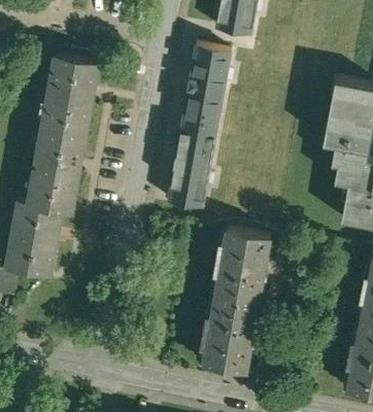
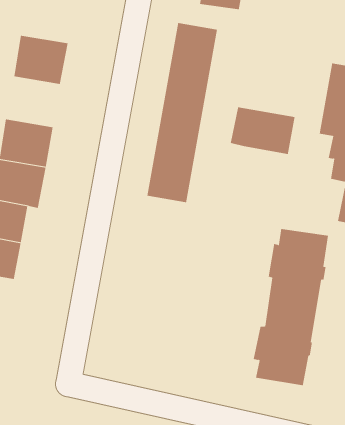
building: [41,92,91,137] -> none
building: none -> [230,107,295,155]
building: [201,230,269,371] -> [253,228,329,386]

